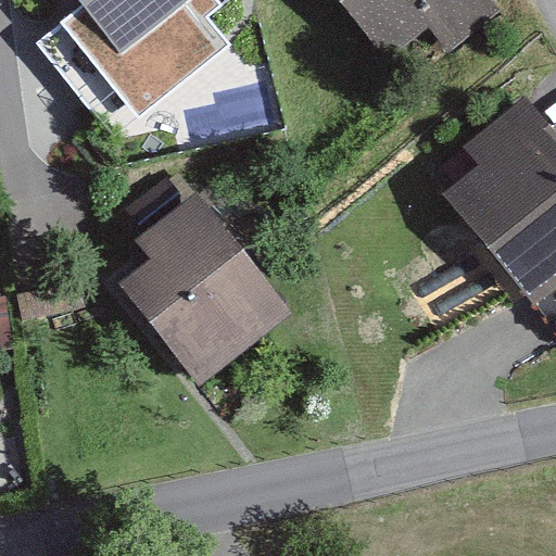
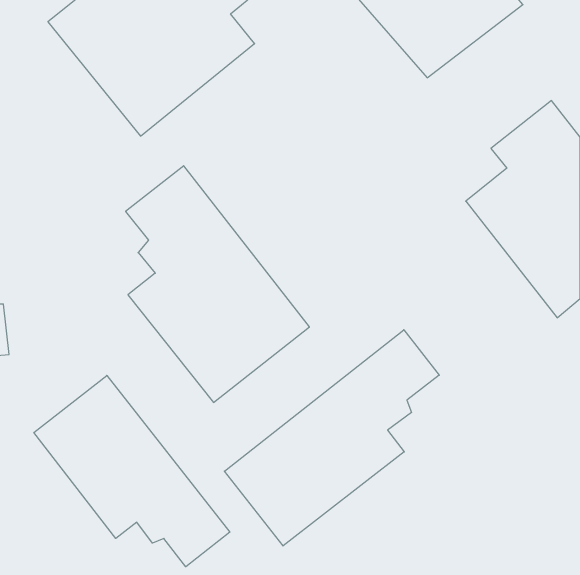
building: none -> [224,330,439,546]
building: none -> [34,375,230,567]

